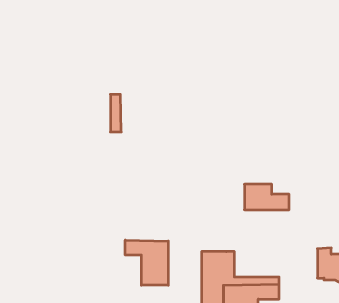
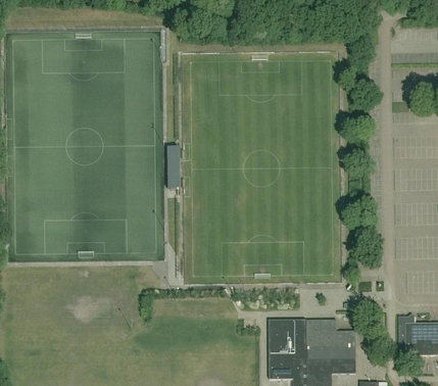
building: [244,184,289,210] -> [305,319,355,347]
building: [125,240,168,285] -> none

